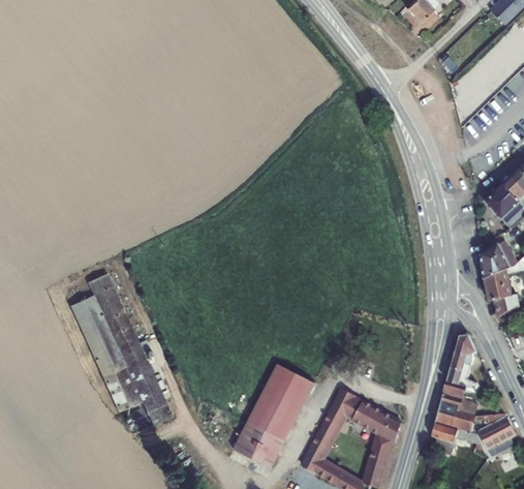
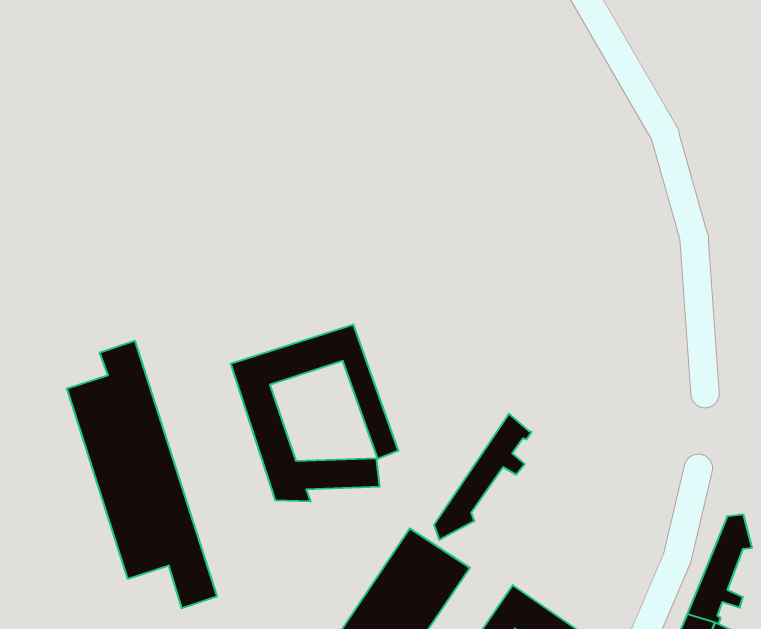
building: none -> [231,324,398,502]
building: none -> [434,414,532,540]

